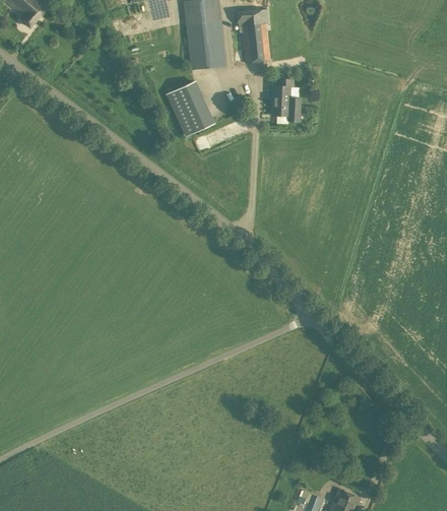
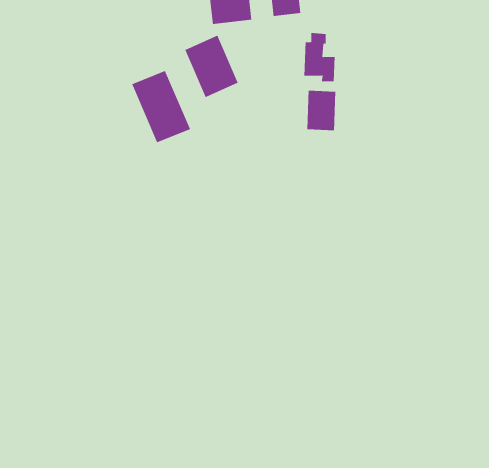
building: none -> [131,70,191,143]
building: none -> [307,90,336,131]

